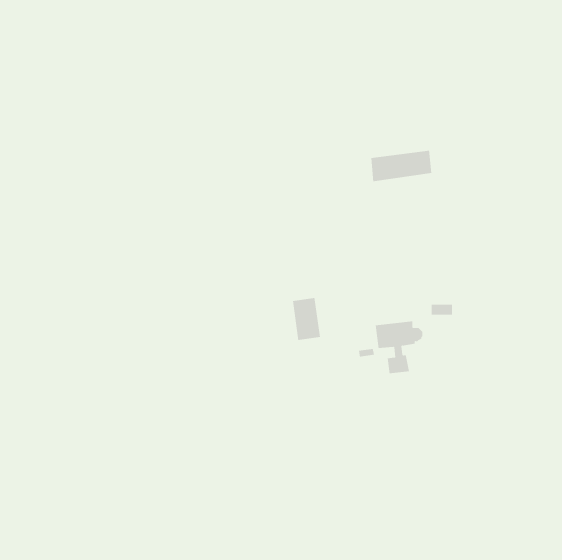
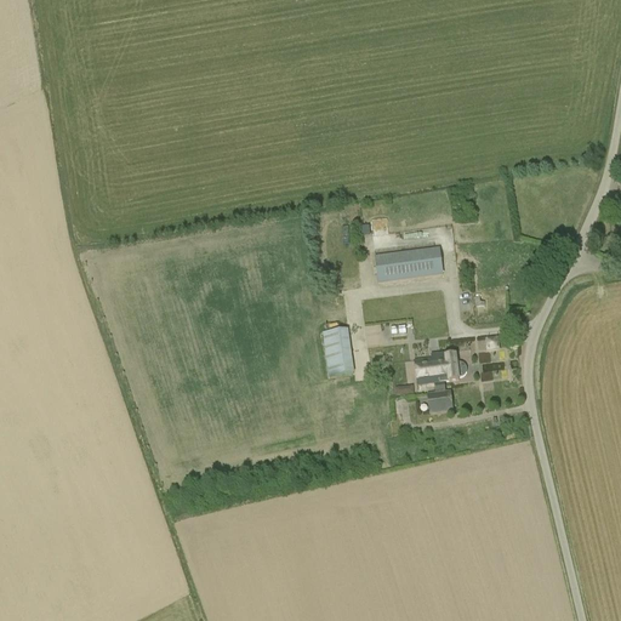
building: [370,150,432,182] -> [374,246,441,281]

